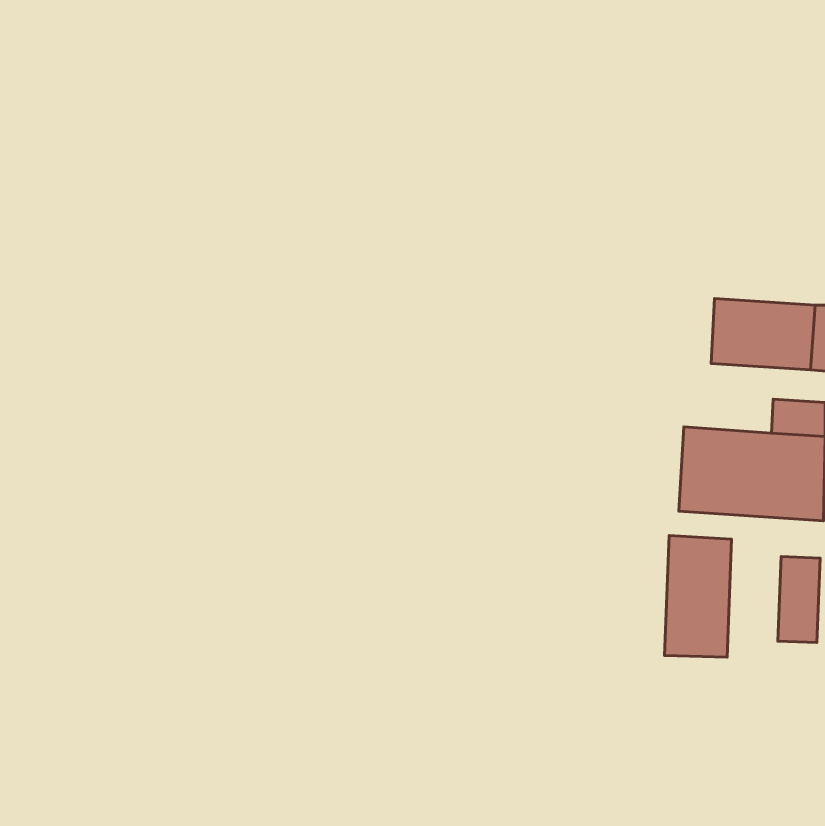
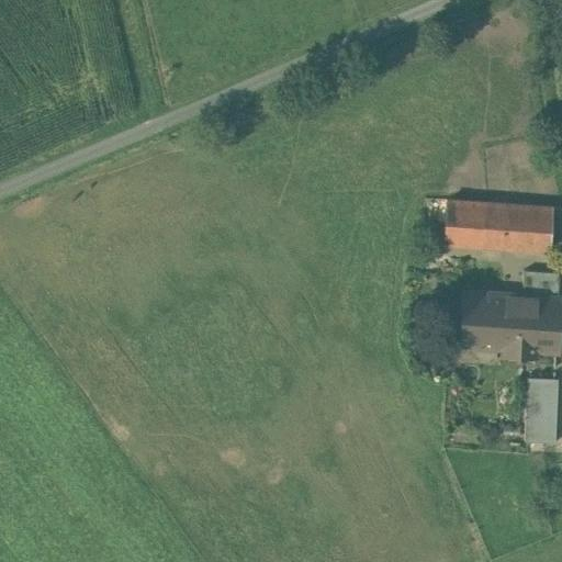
building: none -> [446,201,486,248]
building: [665,536,731,657] -> none

